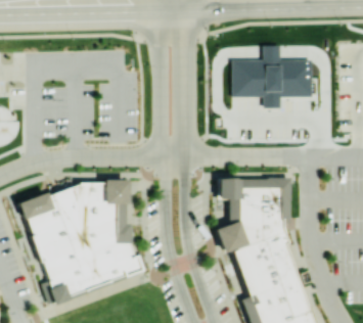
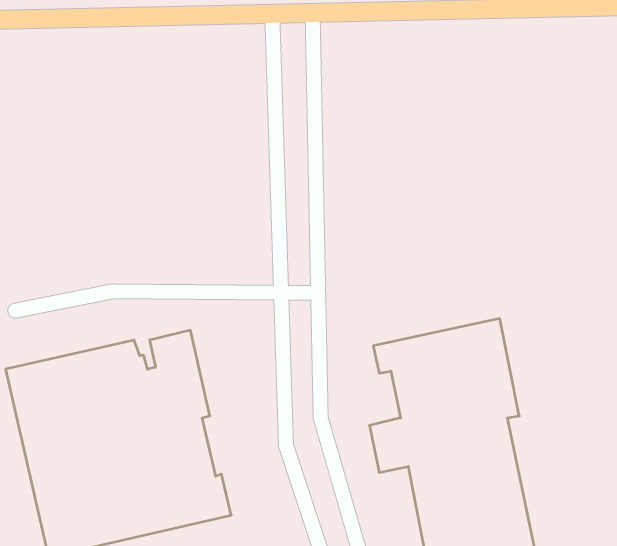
building: [234,44,314,107] -> none

